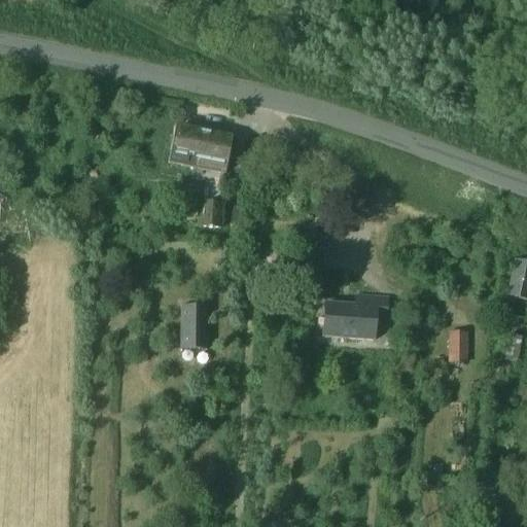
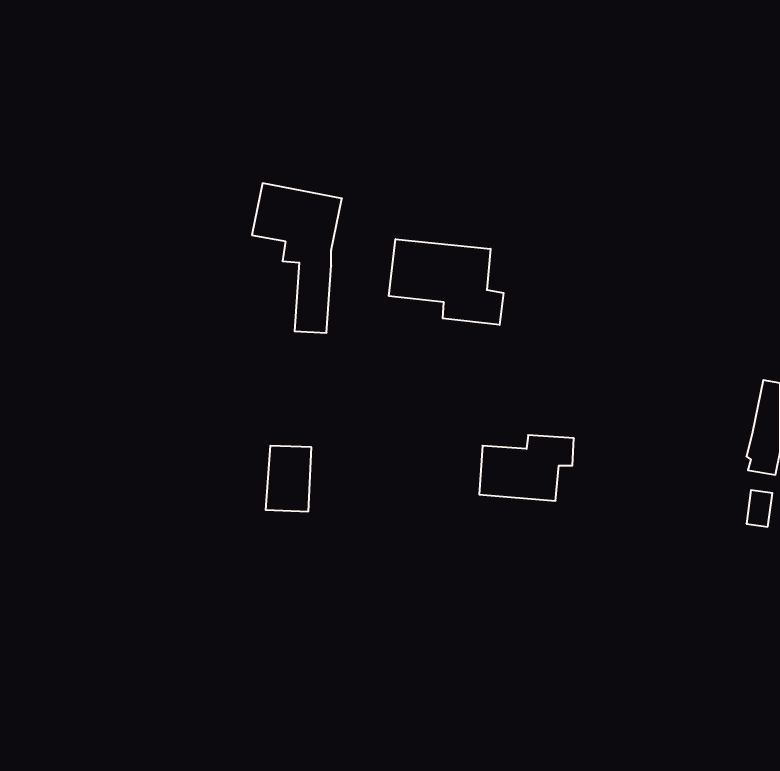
building: none -> [389,239,504,325]
building: [449,328,468,358] -> none

